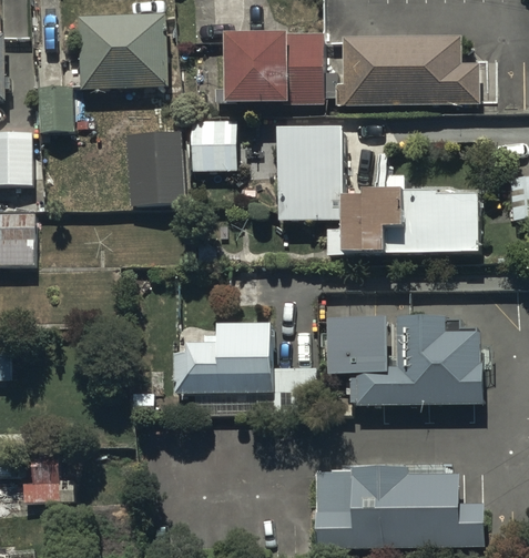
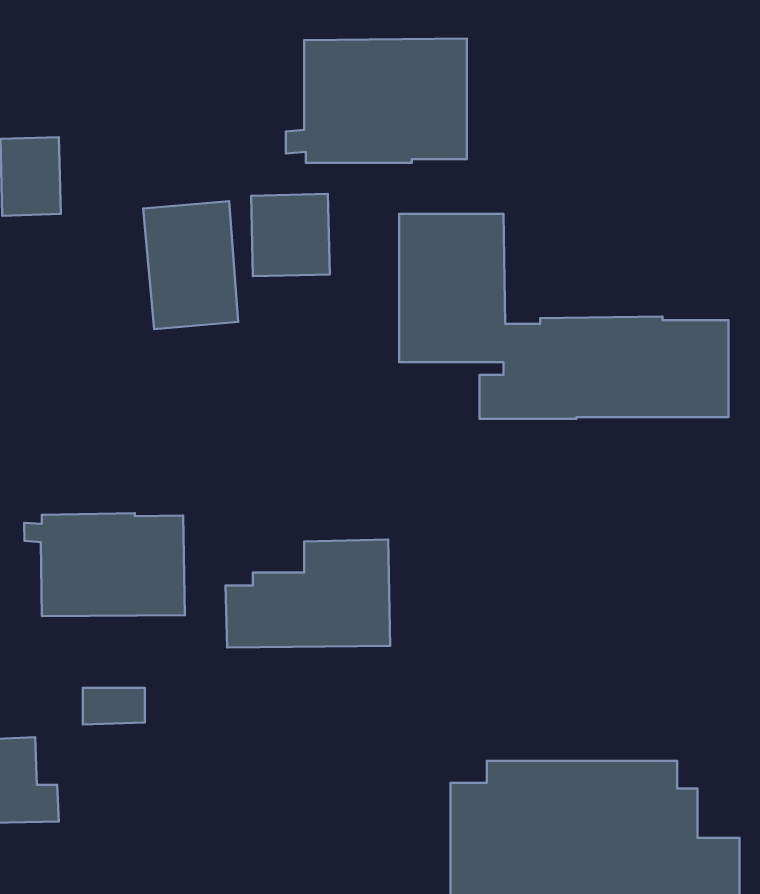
building: [78,13,167,90] -> none
building: [334,30,477,98] -> none
building: none -> [24,513,185,616]
building: [326,318,482,404] -> none

